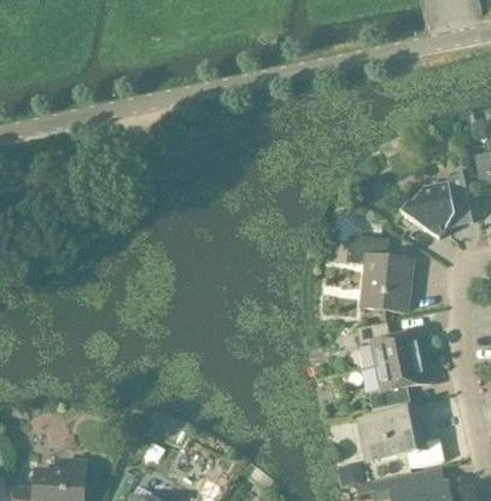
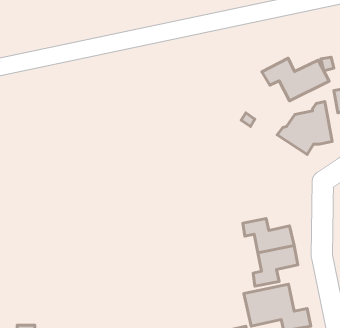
building: none -> [262,58,329,101]
building: [346,234,413,311] -> none

